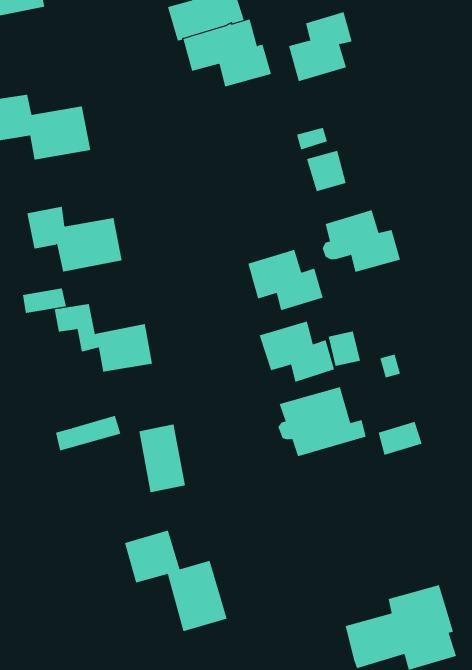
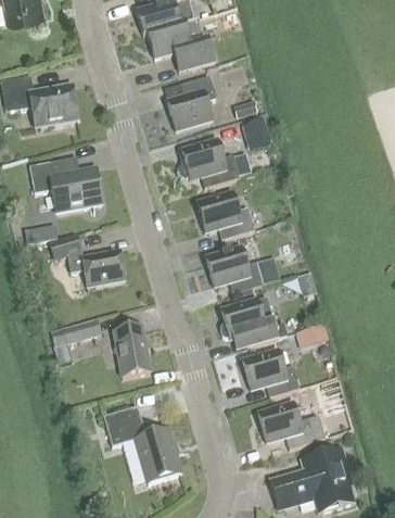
building: [288,12,353,82] -> [167,75,216,128]
building: [322,210,401,273] -> [179,139,239,187]
building: none -> [242,350,300,396]
building: none -> [257,403,326,447]

